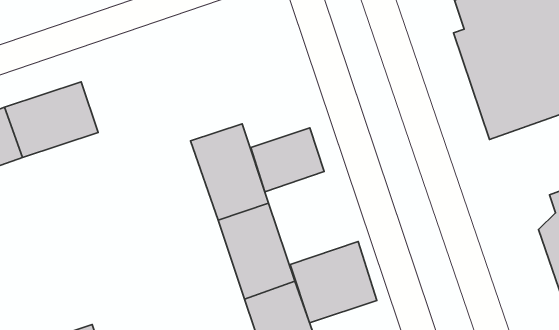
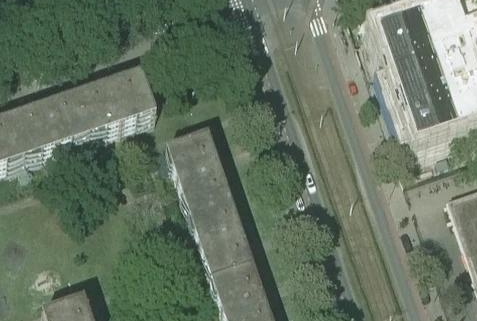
building: none -> [74,73,155,138]
building: [251,128,324,192] -> none
building: [290,242,377,323] -> none

